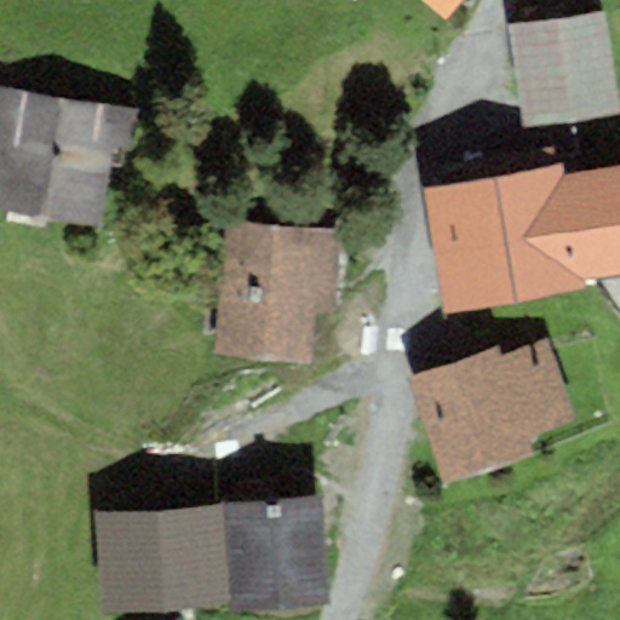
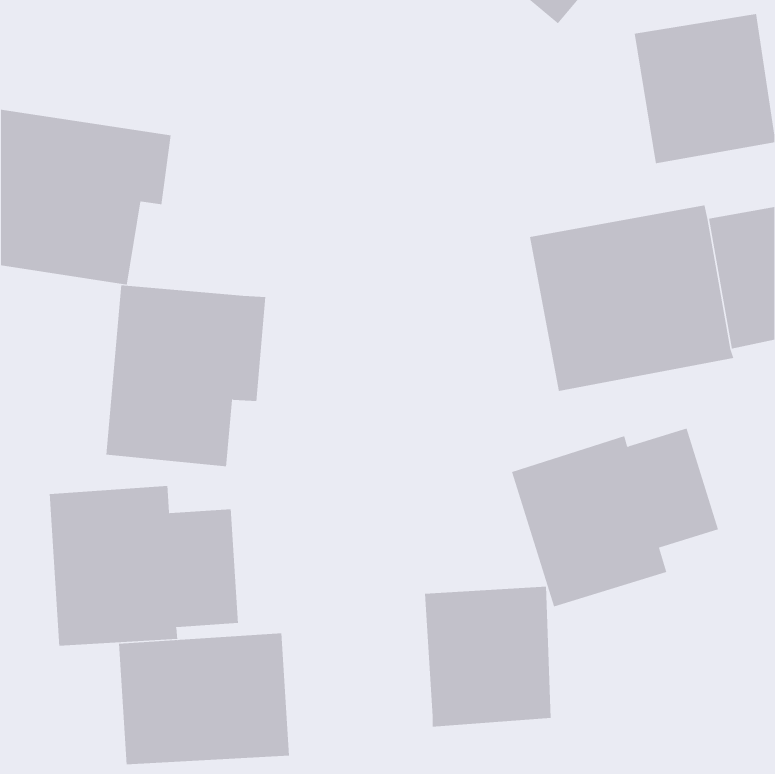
building: [213,219,341,364] -> [105,285,266,467]
building: none -> [49,485,238,646]
building: [225,499,327,612] -> [424,586,552,727]

